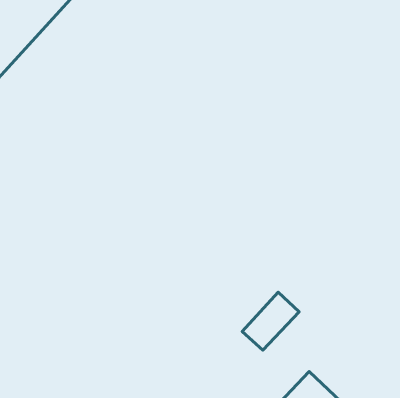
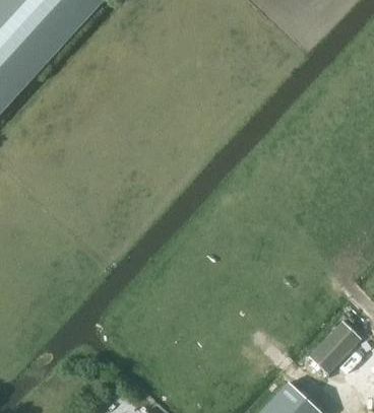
building: [242,292,299,350] -> [303,329,356,383]

